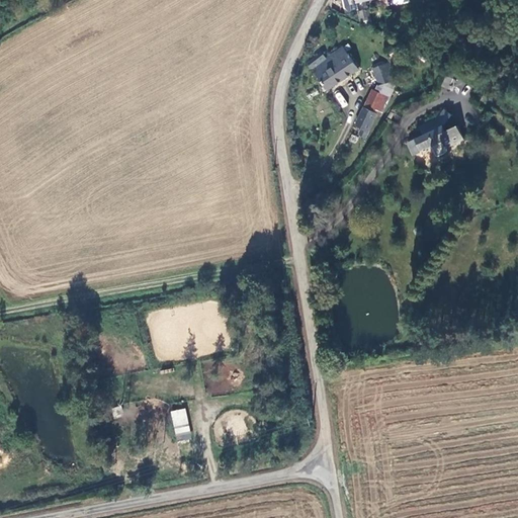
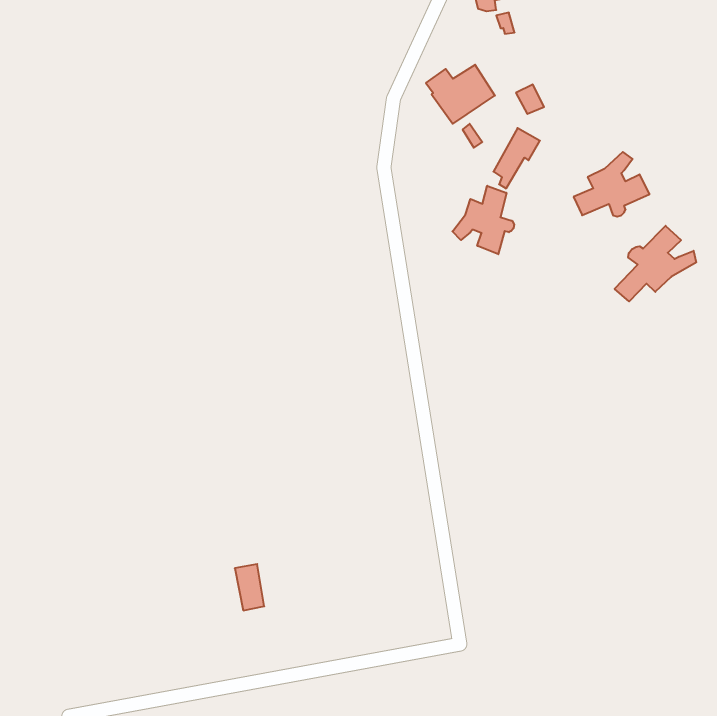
building: none -> [452,186,514,254]
building: none -> [615,226,696,301]

